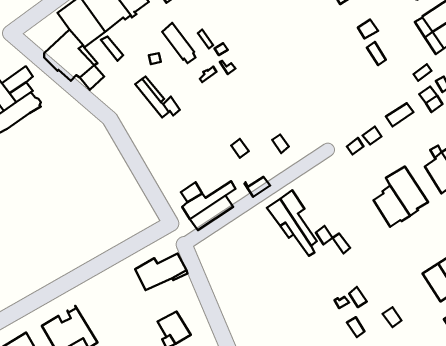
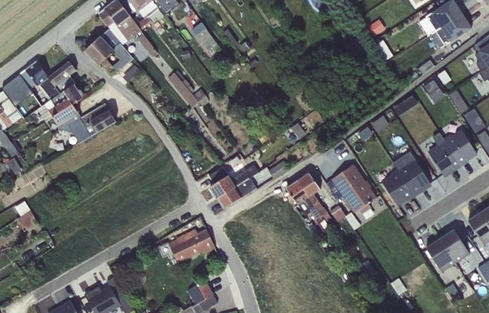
building: none -> [53,103,116,142]
building: none -> [326,164,376,214]

